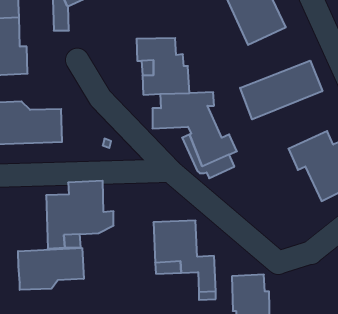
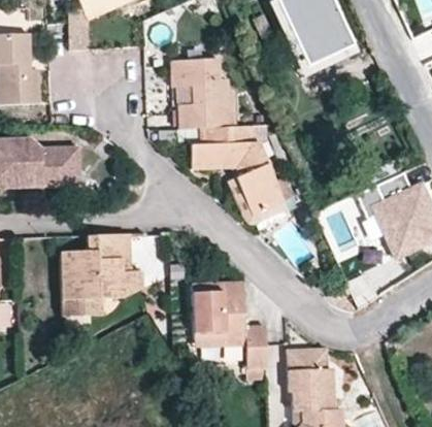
building: [240,61,322,119] -> none
building: [18,248,84,290] -> none

